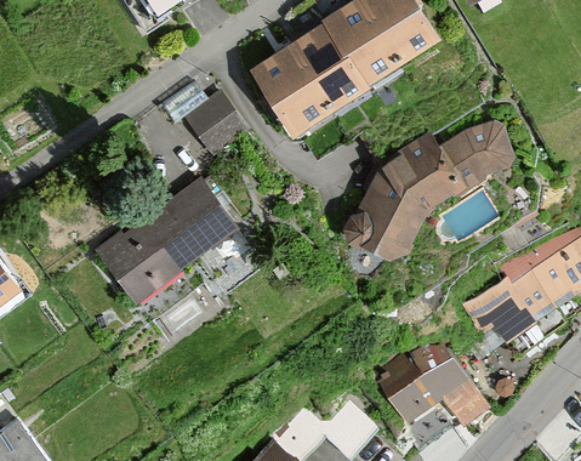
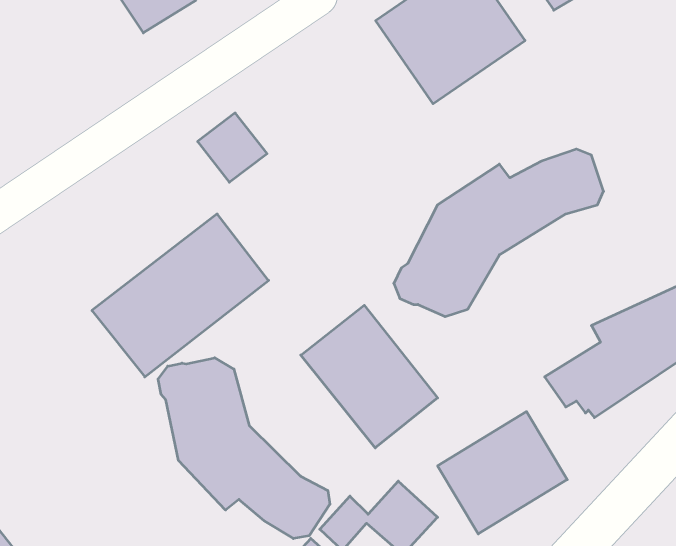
building: [254,21,372,137] -> none
building: none -> [301,305,438,448]
building: none -> [158,358,330,539]

